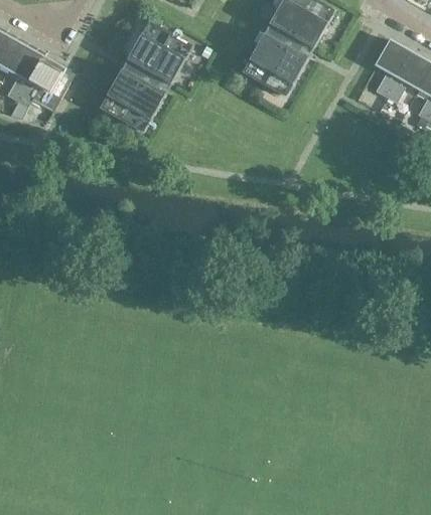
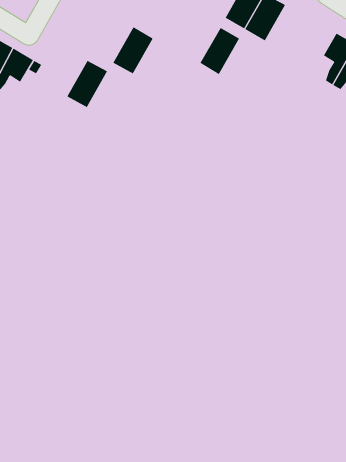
building: [127,20,170,71] -> none
building: [263,45,307,97] -> none
building: [121,80,164,133] -> none

